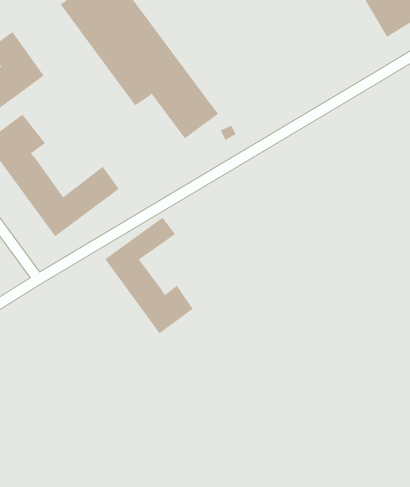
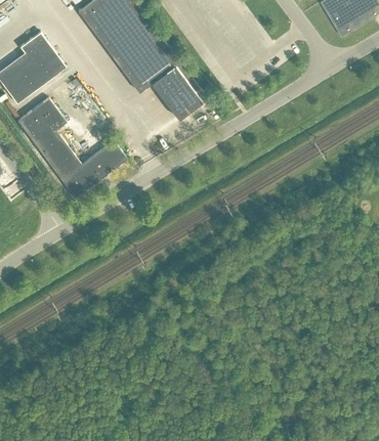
building: [105,217,193,334] -> none

